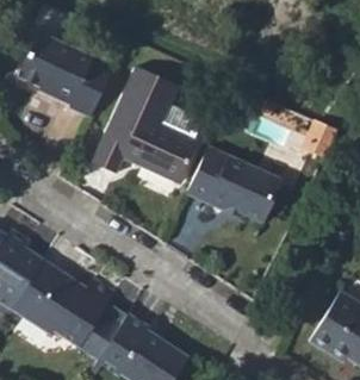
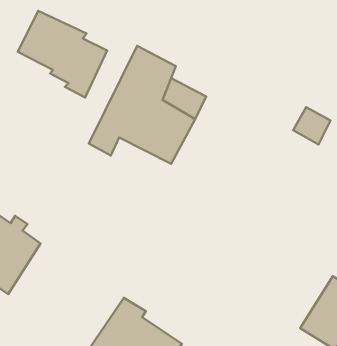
building: [187,142,285,223] -> none
building: [14,261,116,349] -> none

